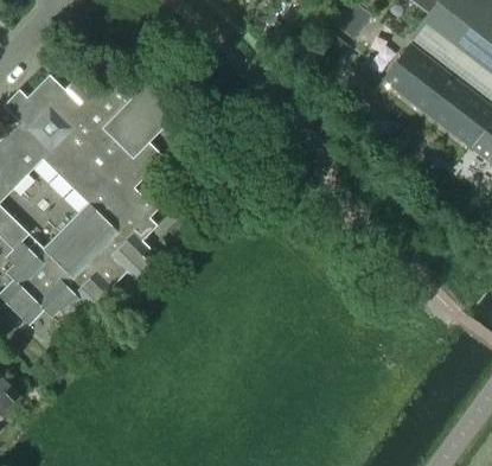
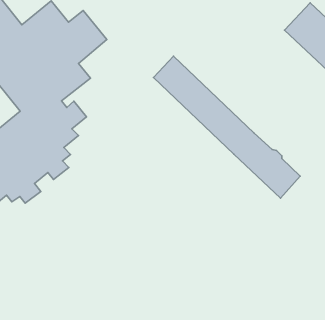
building: none -> [153,56,300,198]

